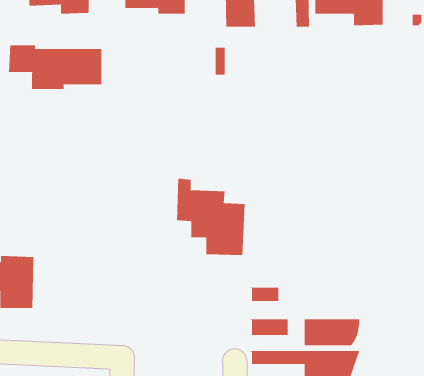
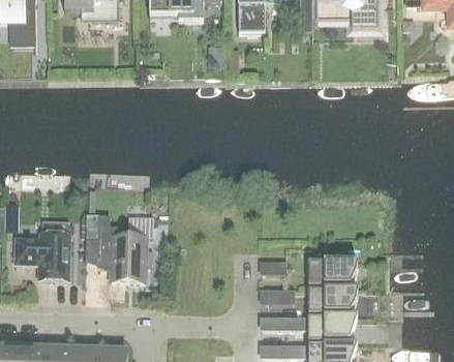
building: [9,44,102,90] -> none
building: [176,178,245,256] -> [85,213,146,281]
building: none -> [307,253,357,283]

